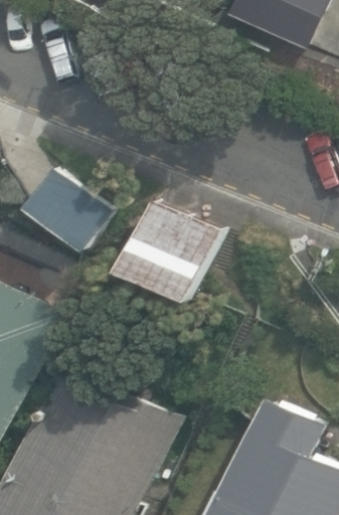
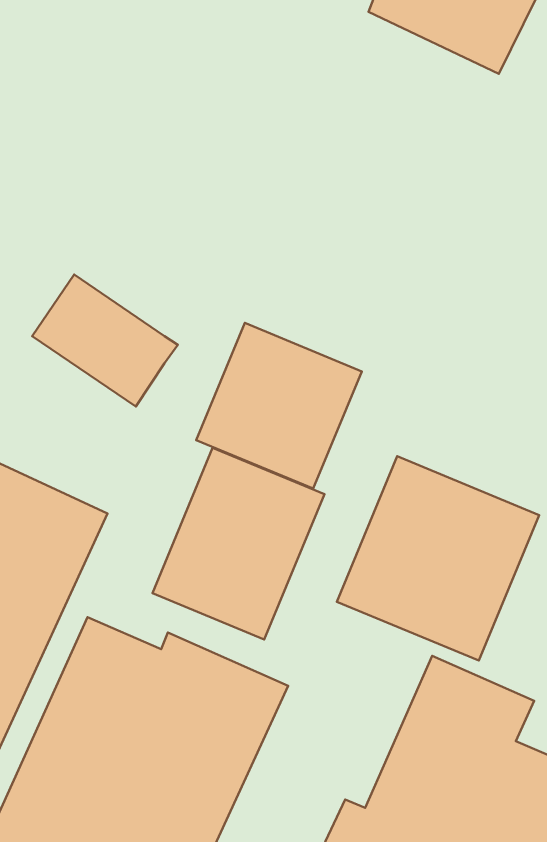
building: none -> [152,448,324,639]
building: none -> [337,456,539,661]

